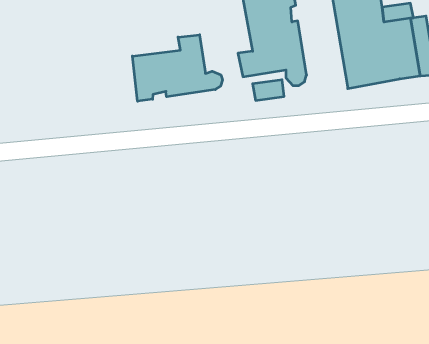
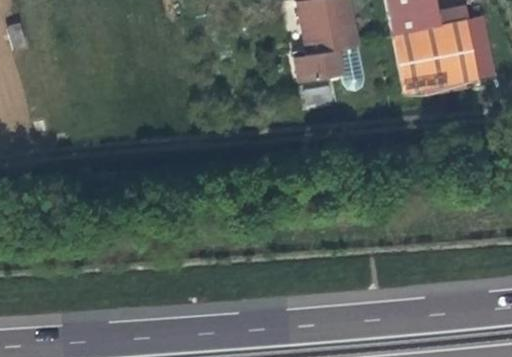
building: [132,35,222,101] -> none

